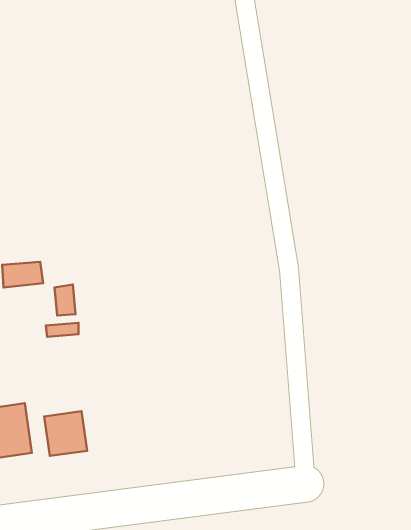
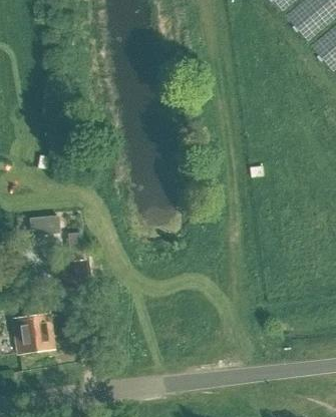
building: [44,411,87,456] -> none

